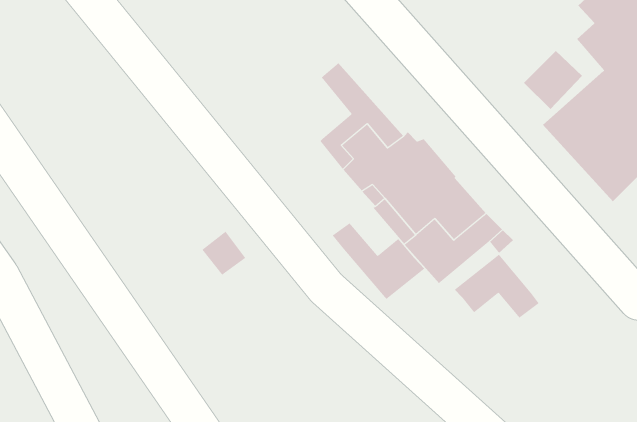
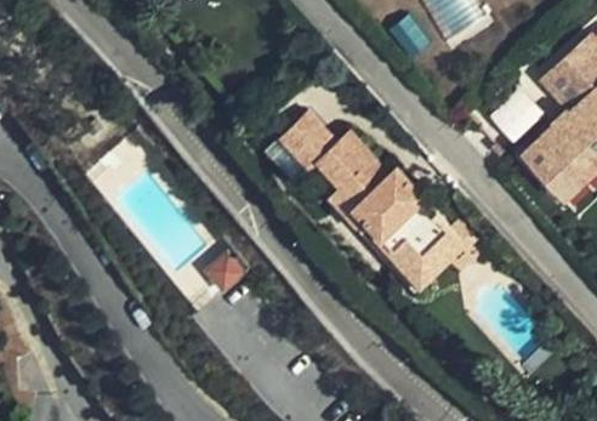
building: none -> [285,112,339,166]
building: [332,223,425,300] -> none
building: [454,254,539,318] -> none

